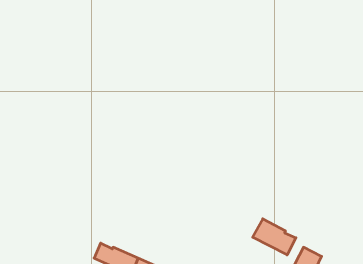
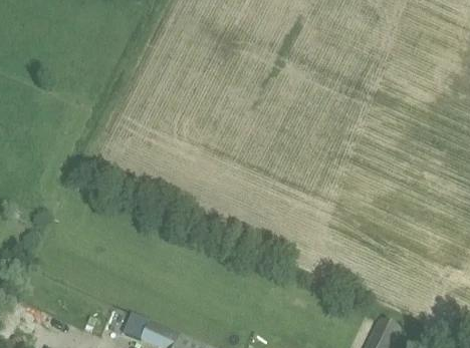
building: [253,219,296,255] -> none

